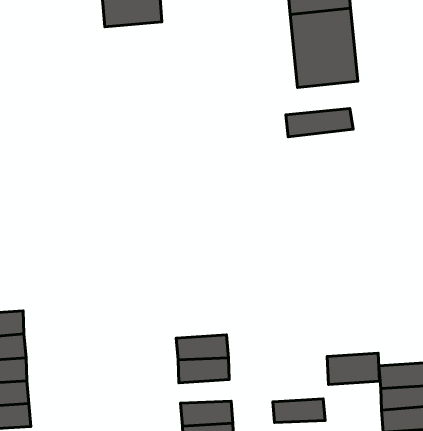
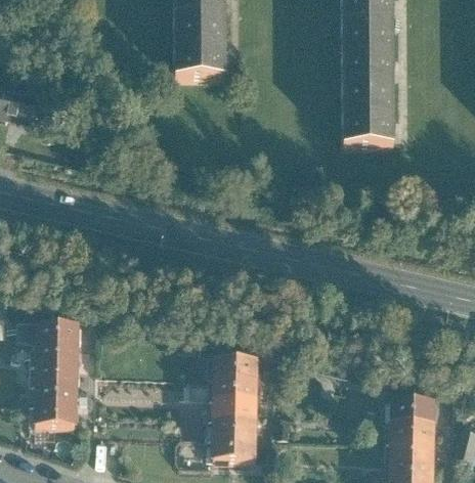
building: [286,108,353,137] -> none
building: [327,353,379,384] -> none
building: [273,399,325,422] -> [212,401,257,422]

